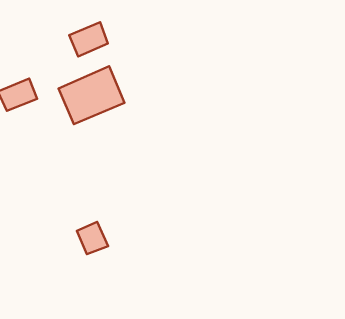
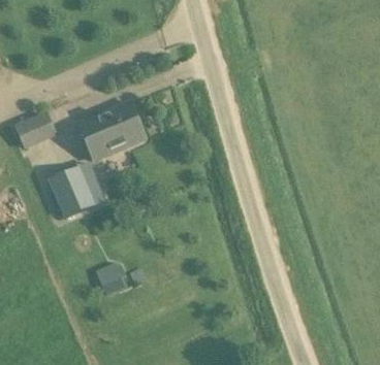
building: [69,22,108,56] -> none
building: none -> [49,166,96,218]

